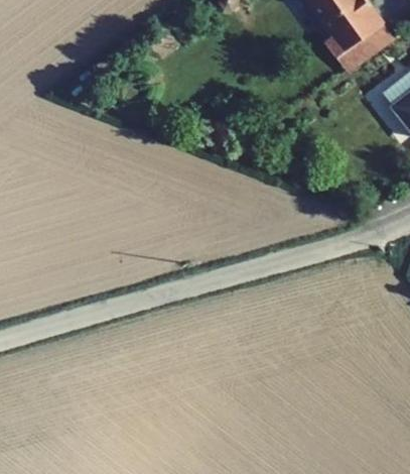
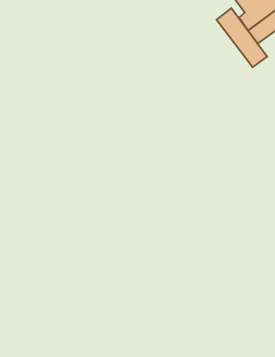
building: none -> [216,8,267,67]

